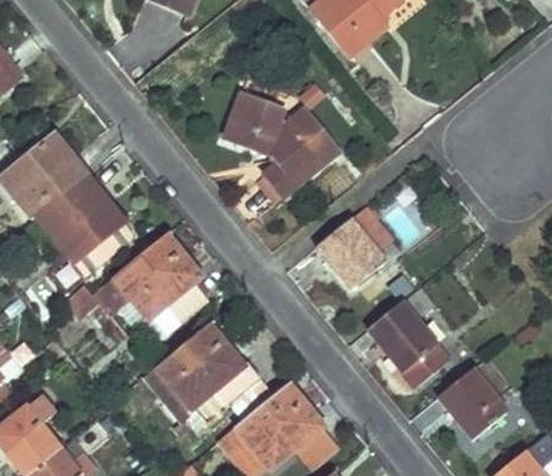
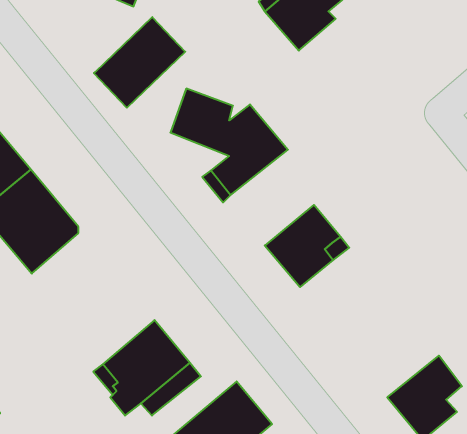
building: none -> [94,17,185,108]
building: [87,233,201,317] -> none
building: [367,288,451,389] -> none

